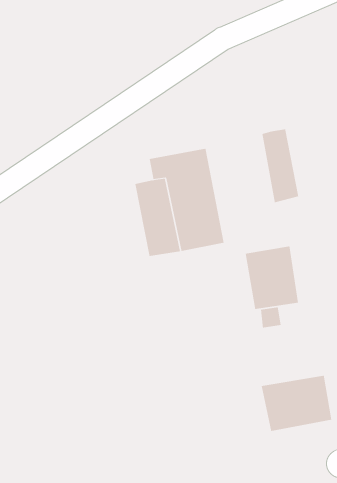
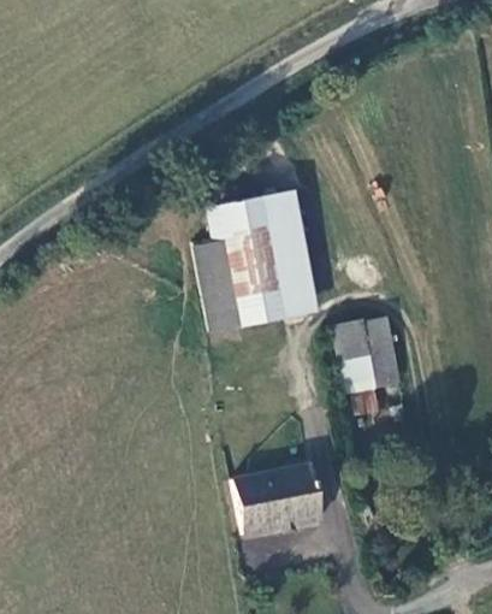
building: [262,128,299,203] -> none
building: [261,375,332,431] -> [230,465,319,535]

